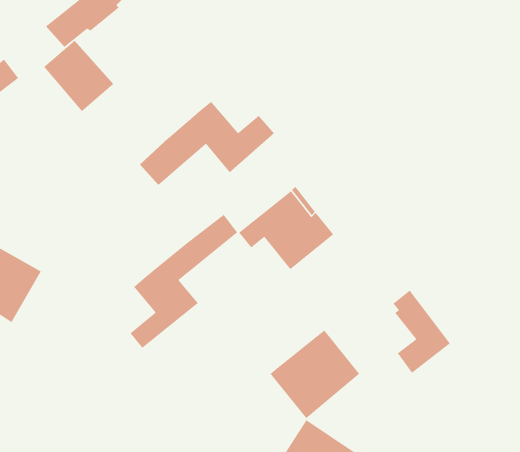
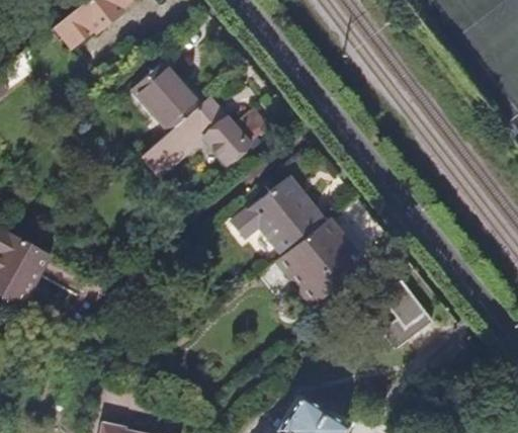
building: [43,40,114,112] -> [133,64,199,132]
building: [130,214,238,349] -> none
building: [270,329,360,419] -> [277,220,362,304]

